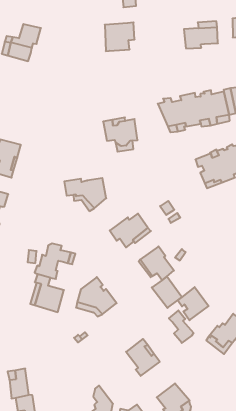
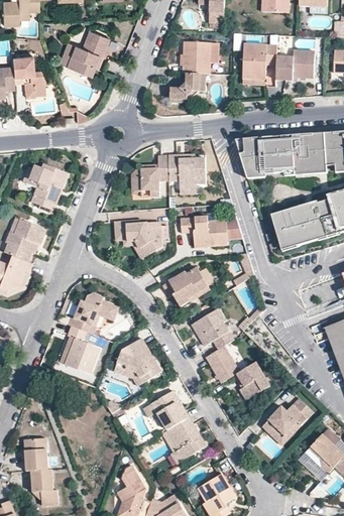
building: none -> [242,45,275,80]
building: none -> [168,74,203,103]
building: none -> [132,156,170,196]
building: none -> [182,217,241,248]
building: [169,310,193,343] -> none
building: none -> [150,391,188,430]

